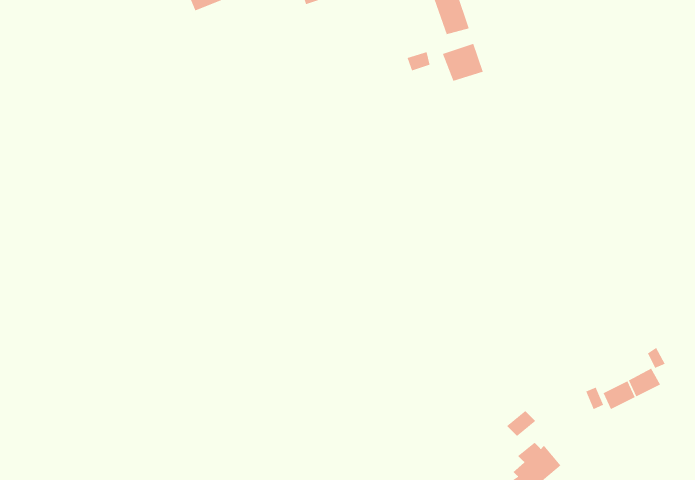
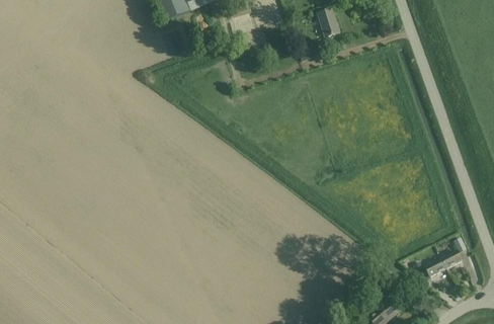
building: [442,43,484,82] -> none

